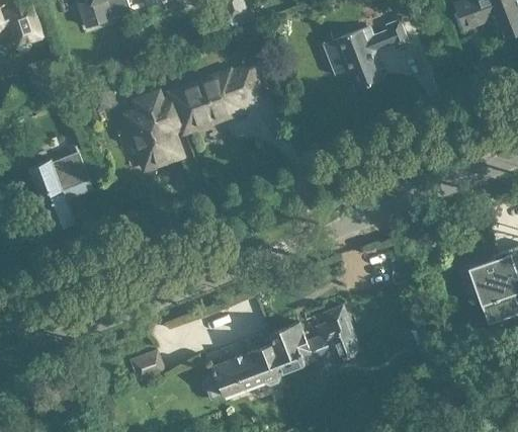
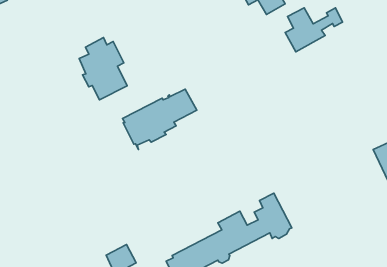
building: [168,69,259,136] -> [123,89,197,149]
building: none -> [285,8,343,52]
building: [27,151,94,229] -> none

